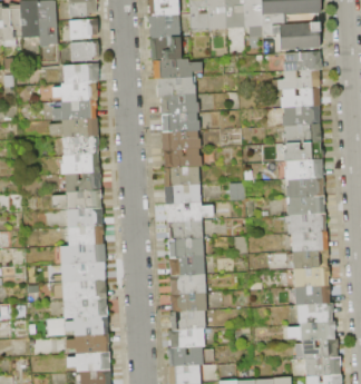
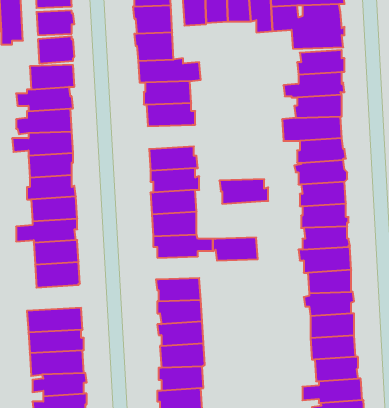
building: [160,112,201,132] -> [219,179,268,204]
building: [166,220,203,239] -> [213,238,258,261]
building: [60,244,106,265] -> none

